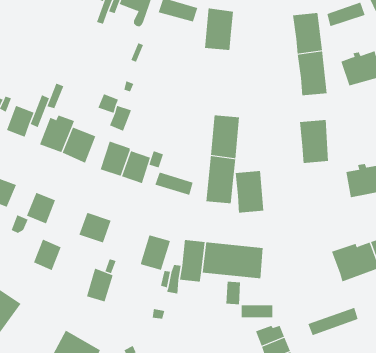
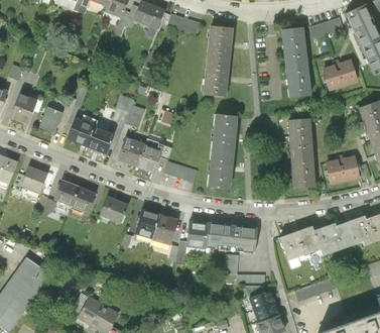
building: none -> [203,57,229,94]
building: [235,171,264,213] -> [290,152,315,189]
building: [33,239,62,271] -> [73,186,97,213]
building: none -> [280,225,322,260]
building: [86,268,114,302] -> [136,210,159,239]

